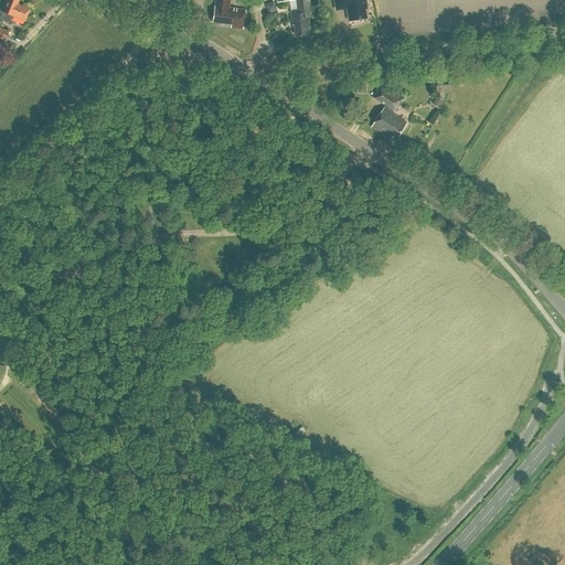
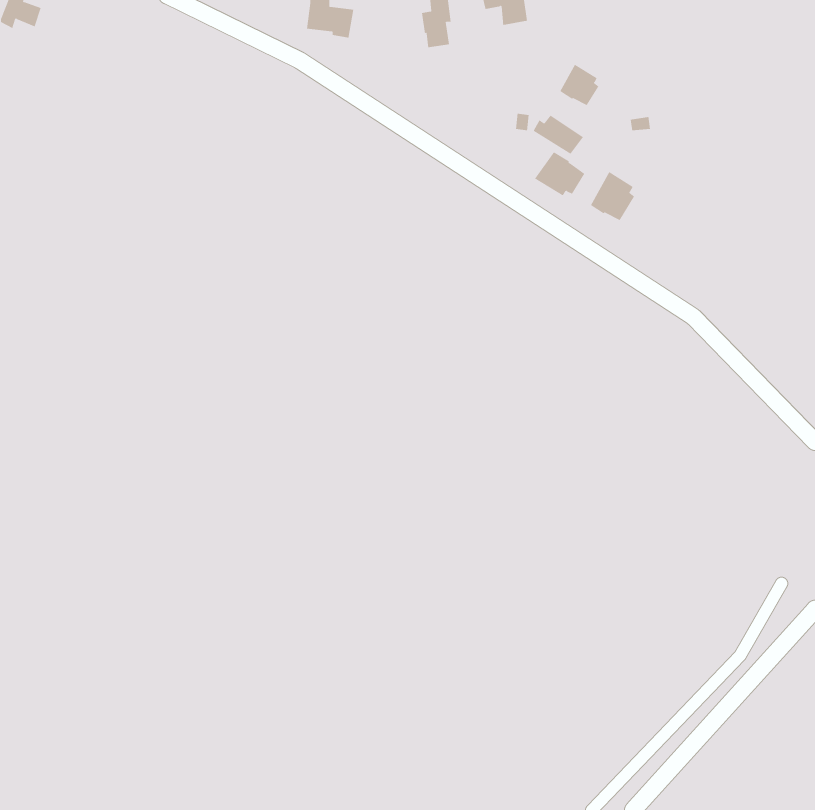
building: none -> [560,64,599,106]
building: none -> [590,171,635,221]

